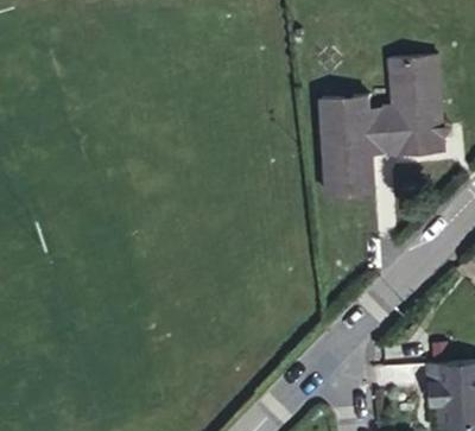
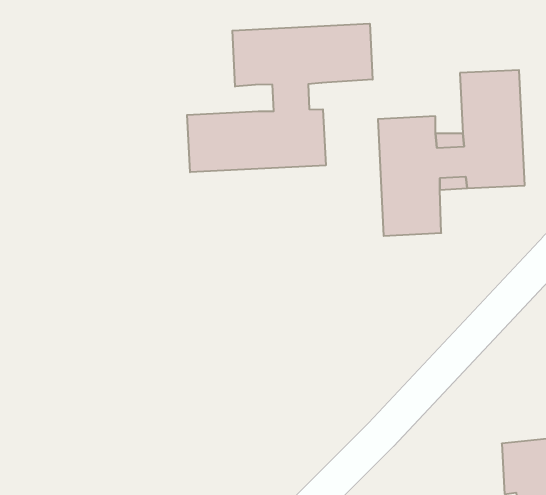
building: none -> [187,24,373,172]

